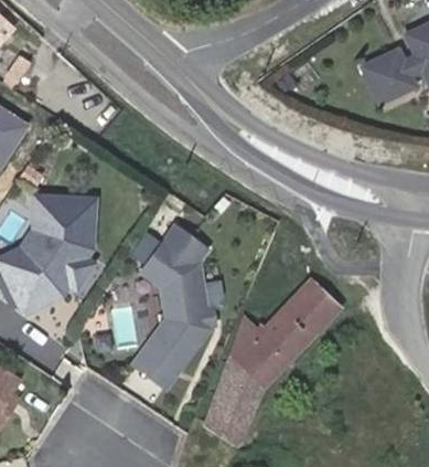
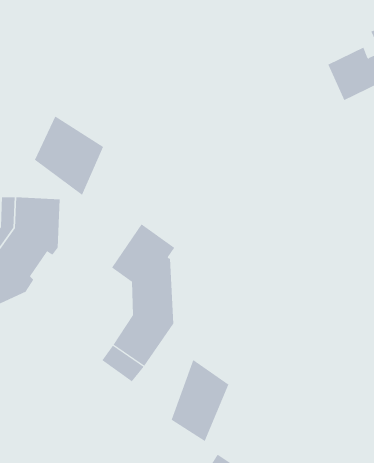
building: none -> [34,116,104,196]
building: [227,279,340,388] -> none

